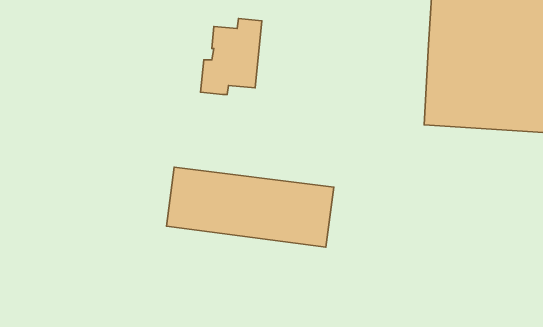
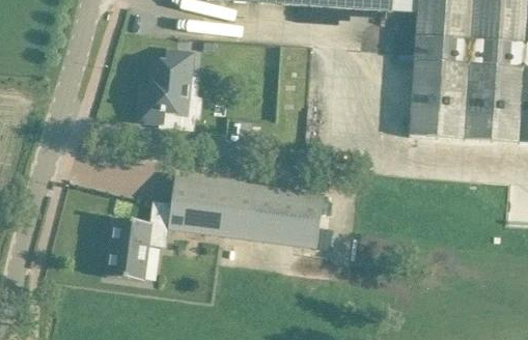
building: [201,19,262,94] -> [138,51,195,121]
building: none -> [107,217,163,280]

